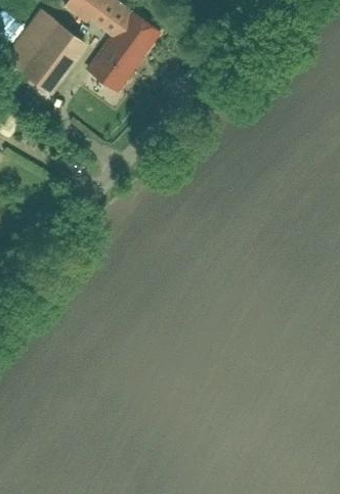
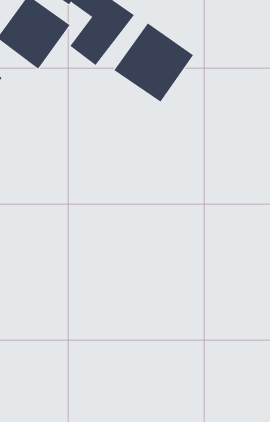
building: none -> [113,22,194,103]

